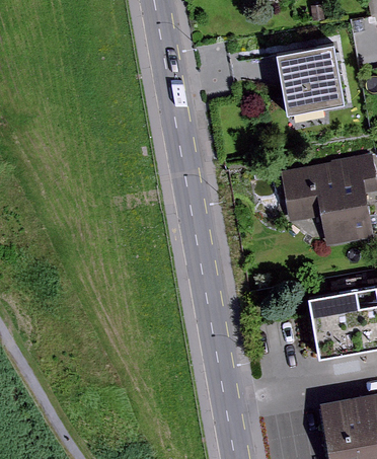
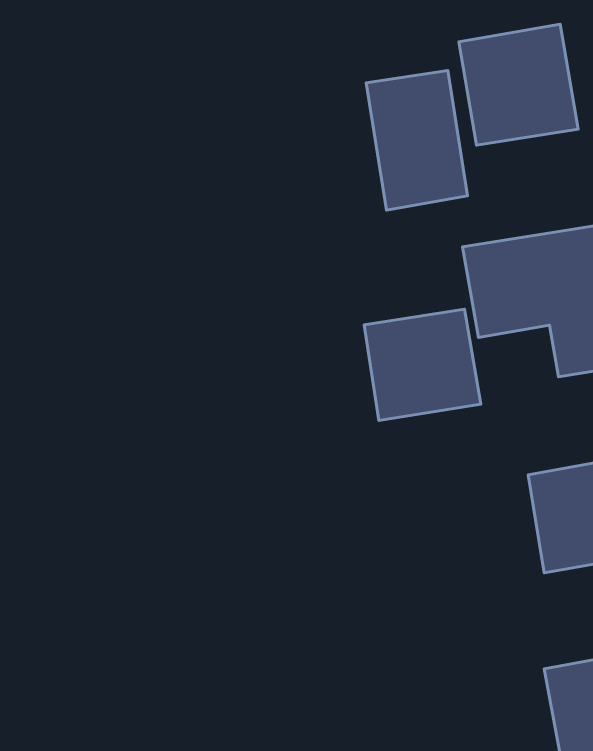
building: none -> [366,70,468,210]
building: none -> [364,309,481,420]

